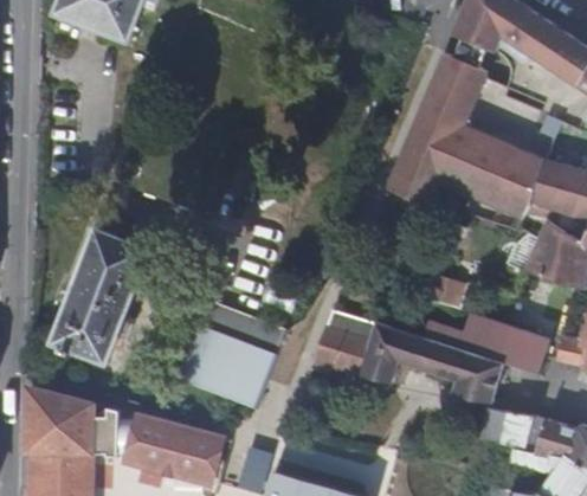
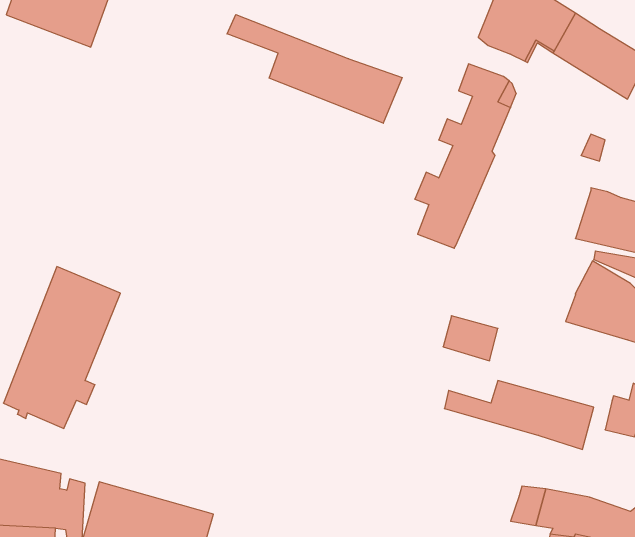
building: none -> [227,15,402,123]
building: [445,130,544,206] -> none
building: [176,303,286,412] -> none
building: [311,314,501,398] -> none

